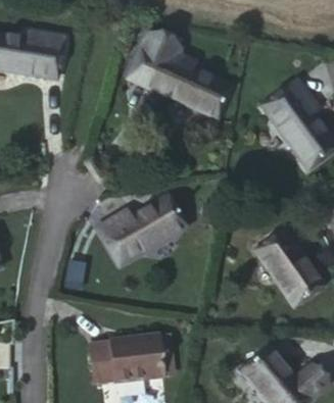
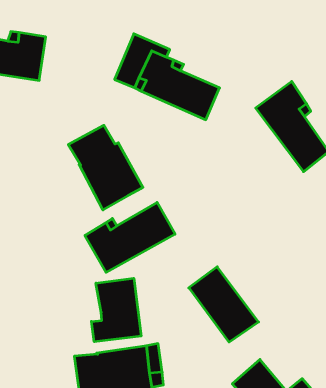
building: none -> [68,125,143,210]
building: [252,232,320,304] -> [189,267,259,342]
building: none -> [91,278,141,342]

